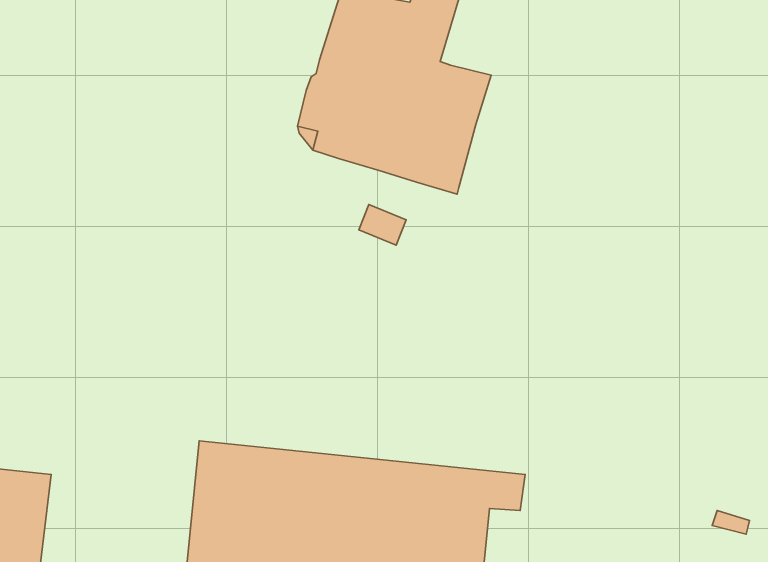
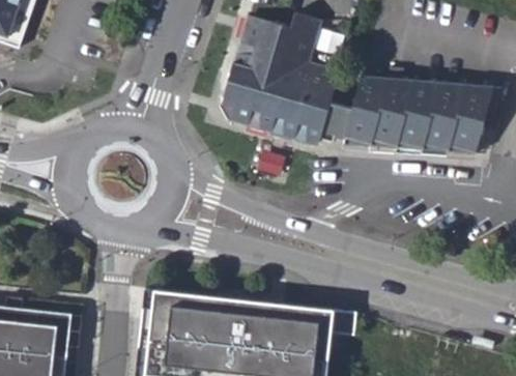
building: none -> [316,75,495,153]

